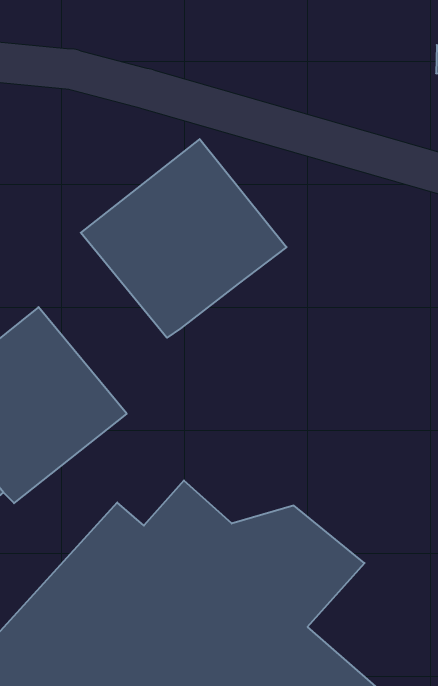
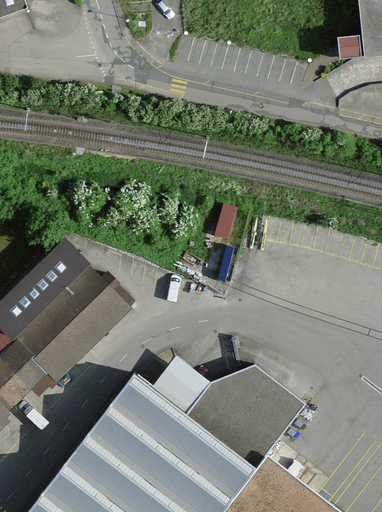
building: [81,139,287,338] -> none

